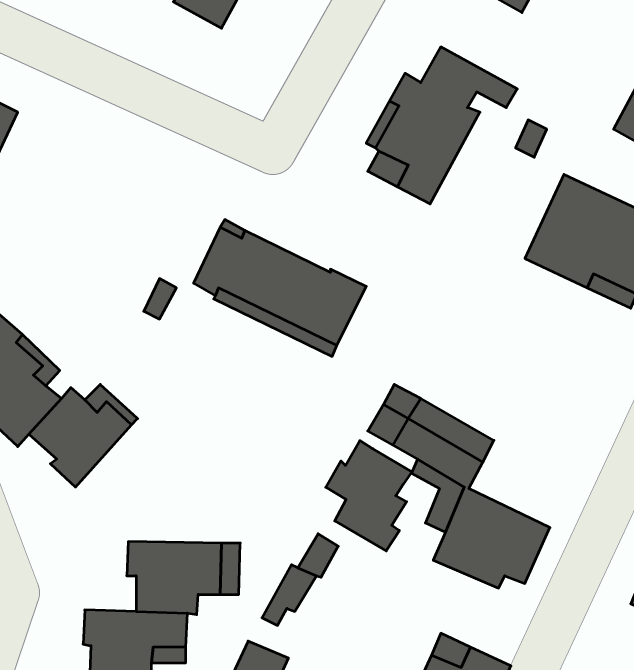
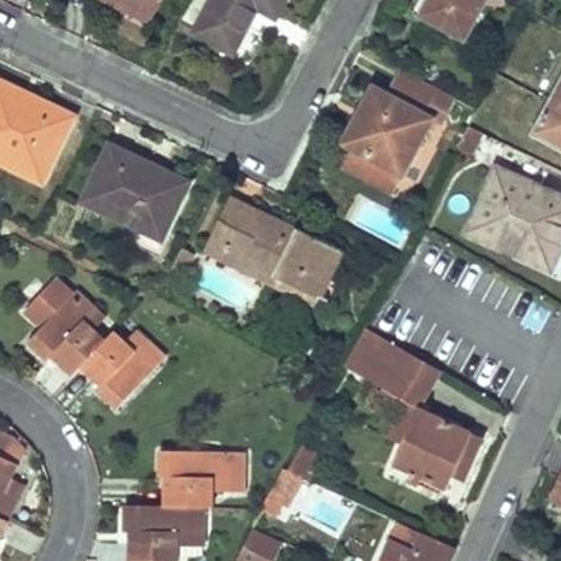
building: none -> [82,147,183,259]
building: [326,441,412,551] -> none

